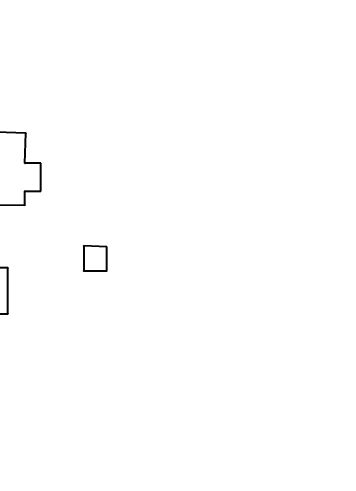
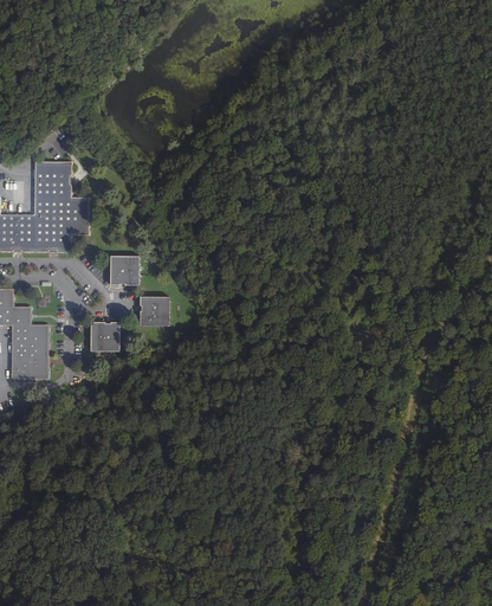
building: none -> [109,257,138,285]
building: none -> [90,323,118,353]

